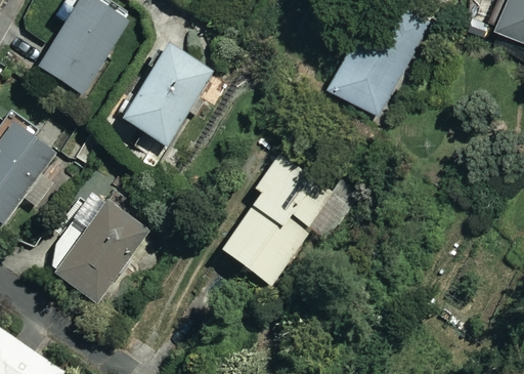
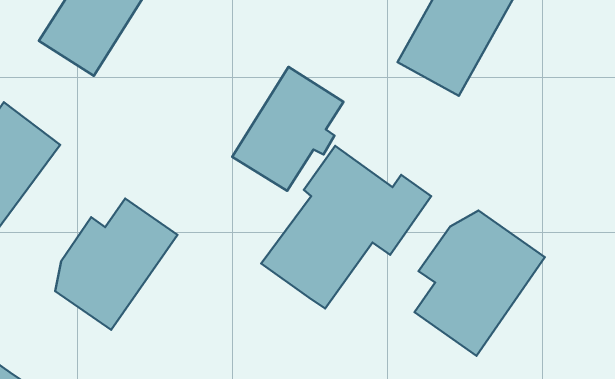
building: [121,45,212,147] -> [232,67,343,191]
building: none -> [415,211,545,356]

